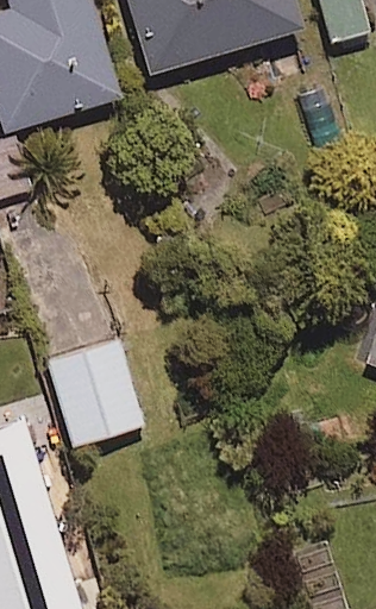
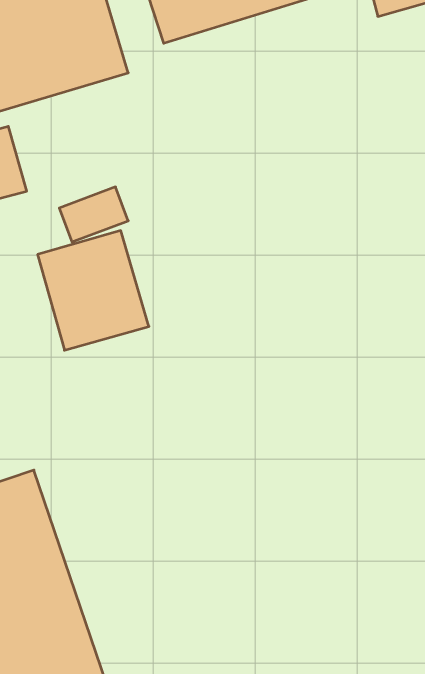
building: [51,346,145,447] -> [38,231,149,350]

